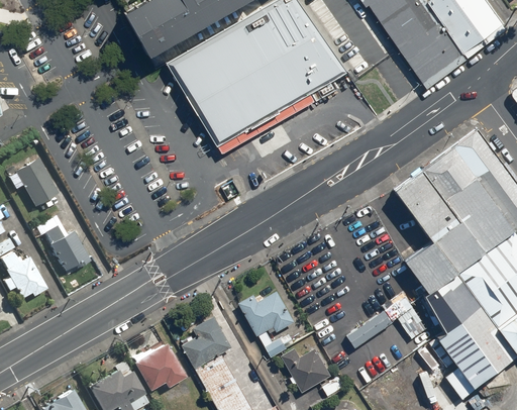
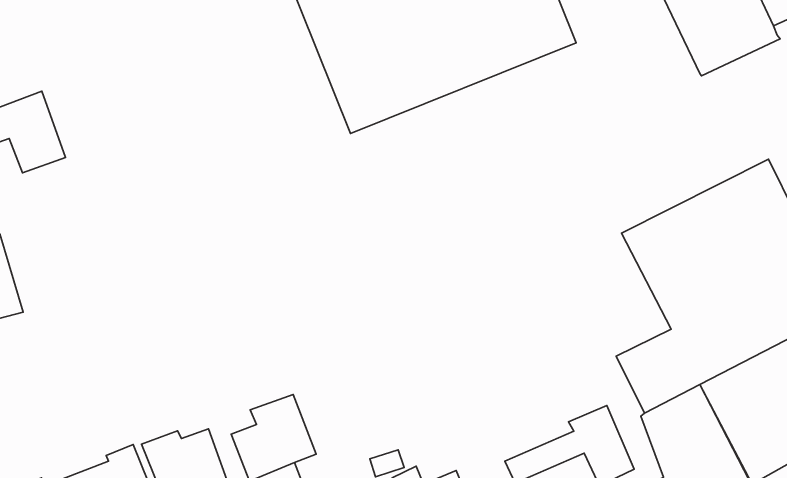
building: [31,215,90,272] -> none
building: [237,287,296,343] -> none

